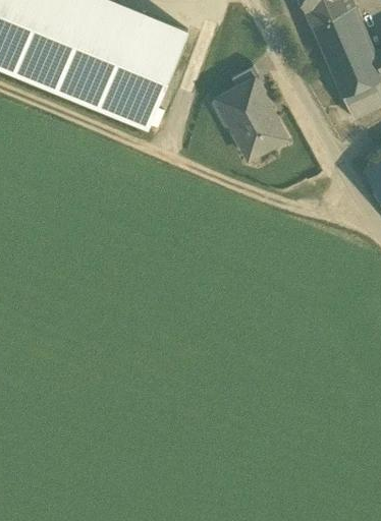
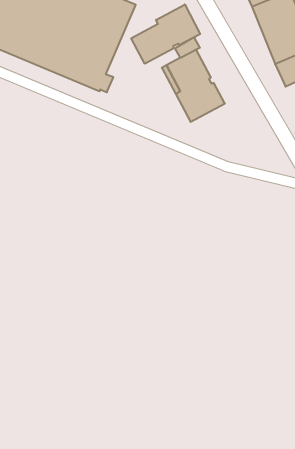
building: none -> [131,4,200,64]

